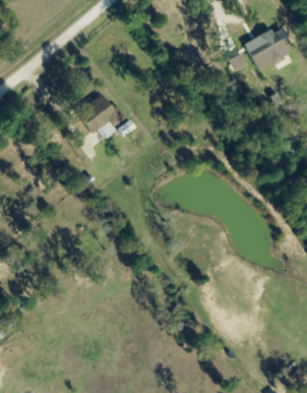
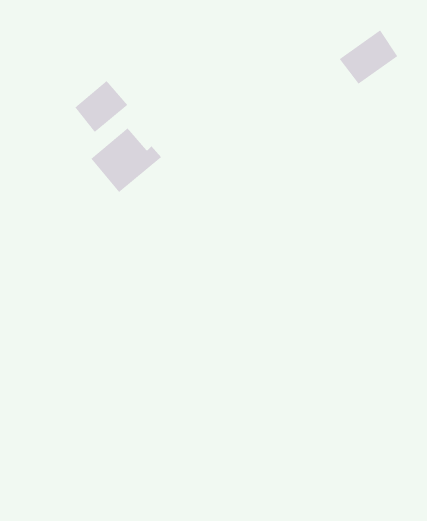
building: none -> [75,80,128,133]

